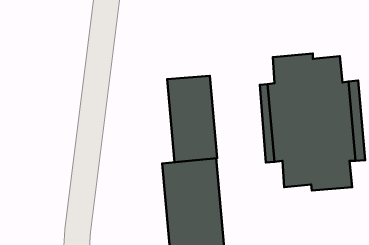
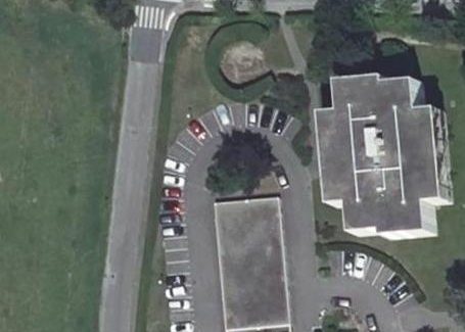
building: [167,76,217,162] -> none

